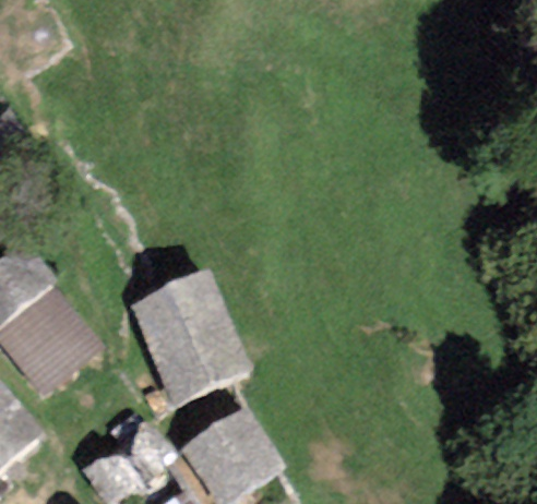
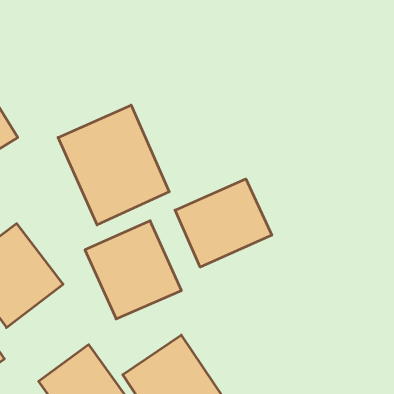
building: none -> [58,105,169,225]
building: none -> [175,179,272,267]

